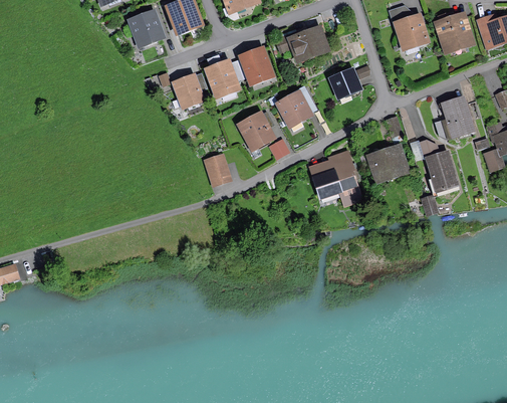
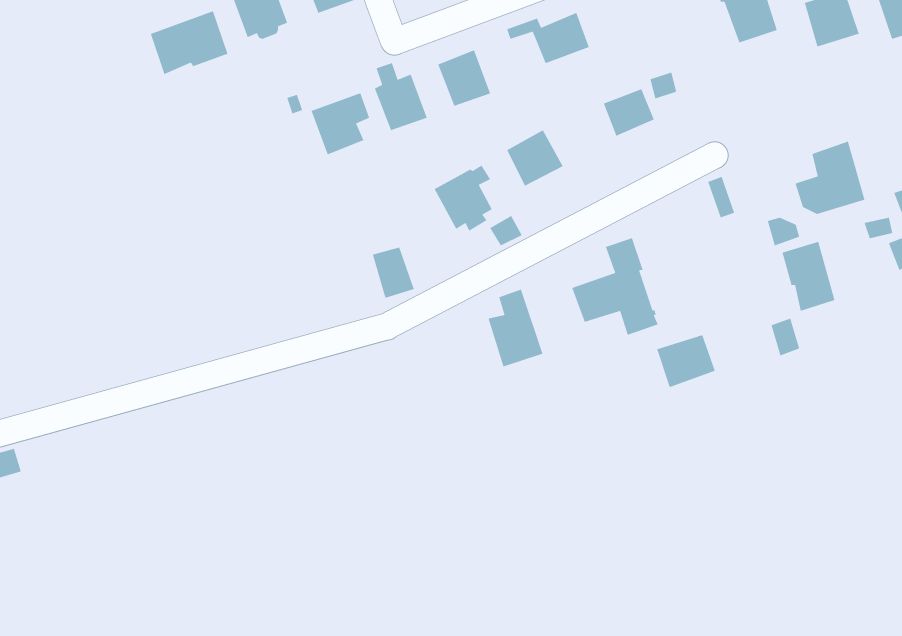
building: none -> [150,10,229,75]
building: [372,149,405,178] -> [656,334,716,388]
building: none -> [487,289,544,367]

